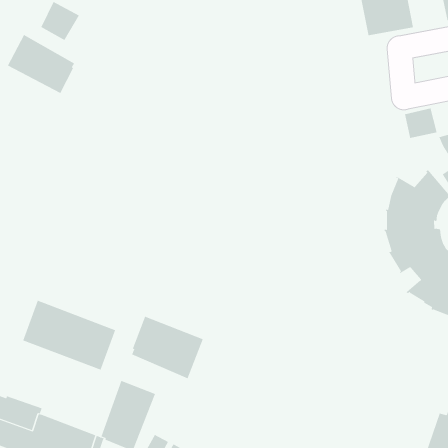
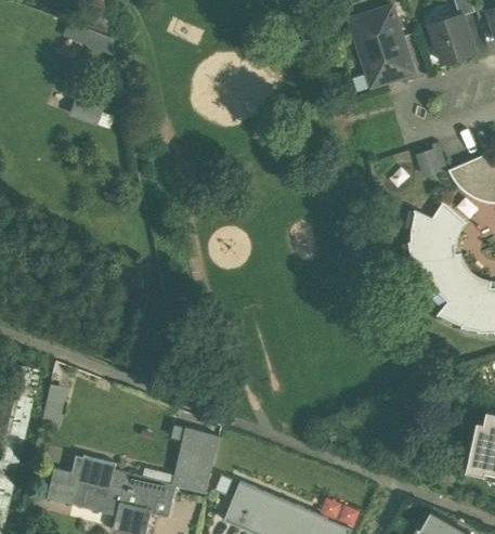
building: [7,34,75,94] -> none
building: [23,300,116,371] -> none
building: [131,316,204,379] -> none

